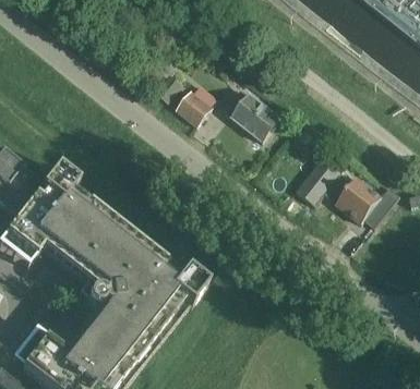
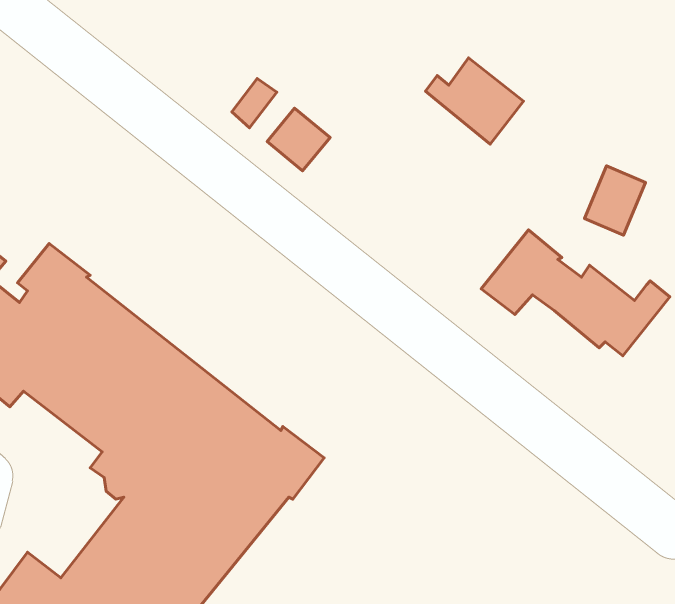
building: [226,93,280,141] -> [425,58,524,144]
building: none -> [584,166,645,235]

